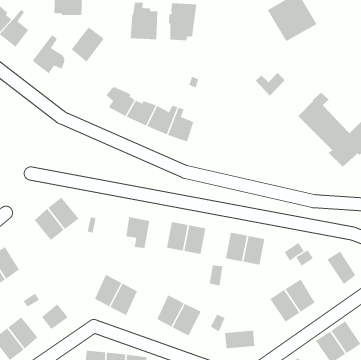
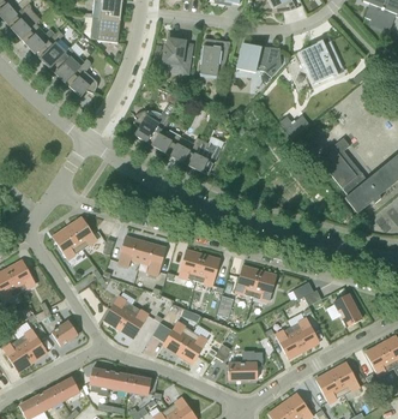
building: none -> [236,44,281,72]
building: [71,27,105,63] -> [50,47,84,82]
building: none -> [117,235,145,267]

